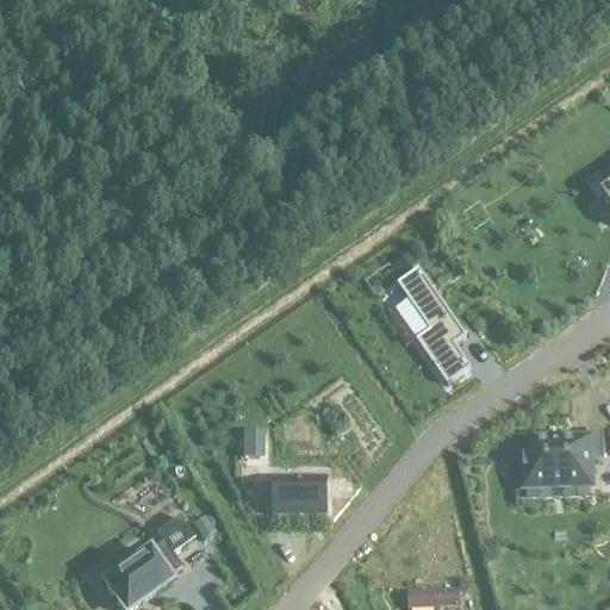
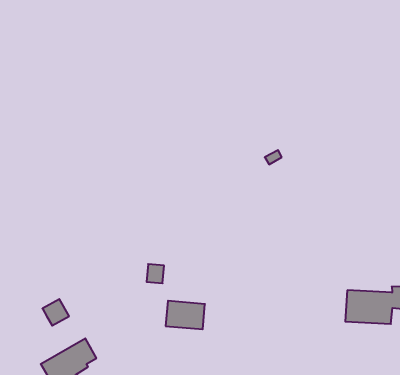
building: [394,267,469,382] -> none
building: [155,513,193,552] -> [42,299,69,326]

